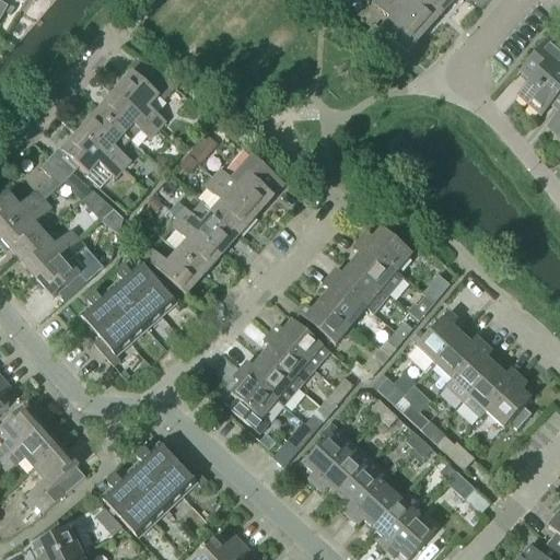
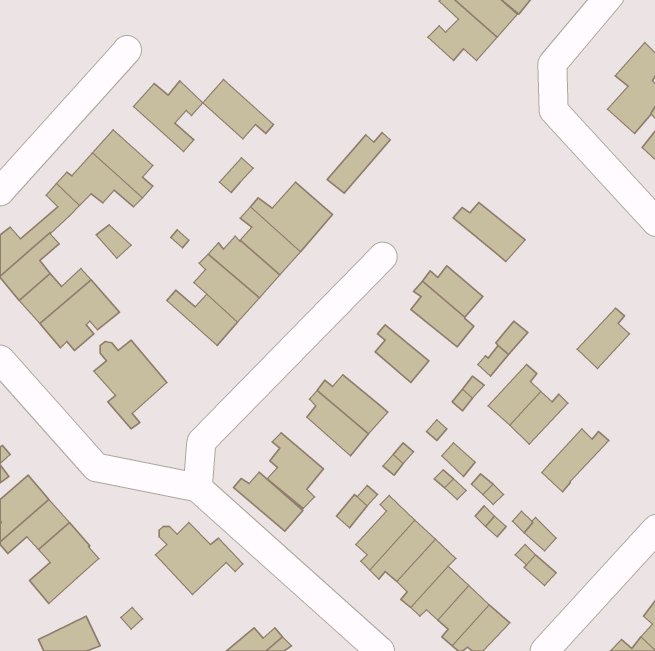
building: [97,91,158,141] -> [203,80,274,139]
building: none -> [327,133,390,193]
building: [113,264,174,326] -> none
building: [329,264,390,314] -> [453,202,525,262]
building: [299,300,351,343] -> none
building: [452,343,497,395] -> [577,308,630,369]
building: [241,355,300,406] -> [234,472,303,531]
building: [487,375,532,430] -> none
building: [103,472,165,535] -> none

